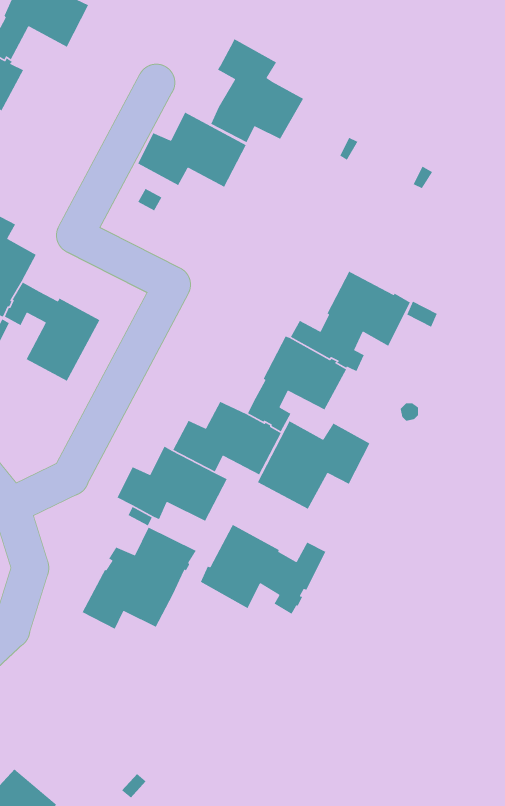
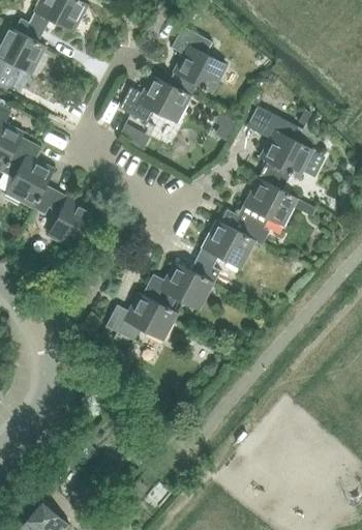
building: none -> [258,112,313,194]
building: [257,420,371,510] -> none
building: [200,524,326,615] -> none
building: [82,527,197,630] -> none

